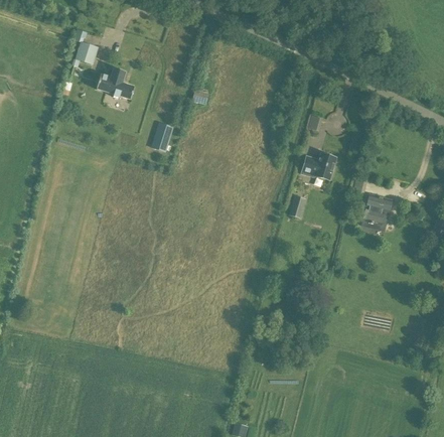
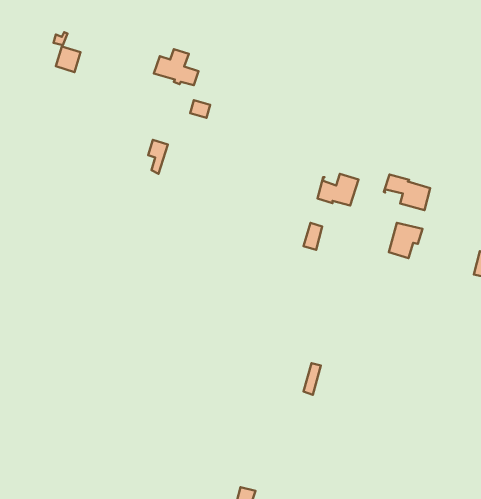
building: [96,67,134,99] -> [154,49,198,85]
building: none -> [384,174,430,210]

